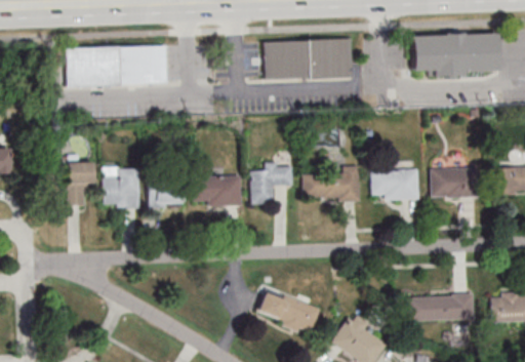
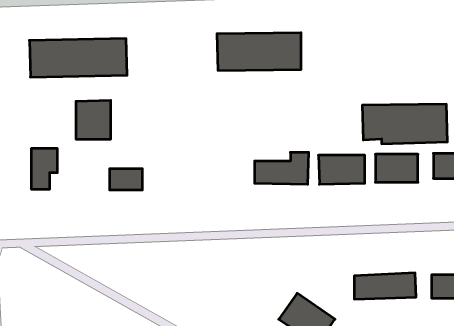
building: [410,34,500,76] -> [362,104,447,144]
building: [250,164,292,204] -> none
building: [103,167,139,208] -> [76,100,111,139]
building: [192,175,242,206] -> none
building: [255,290,320,333] -> none

